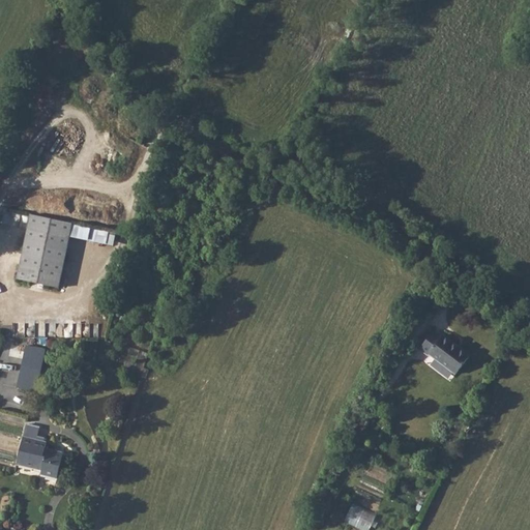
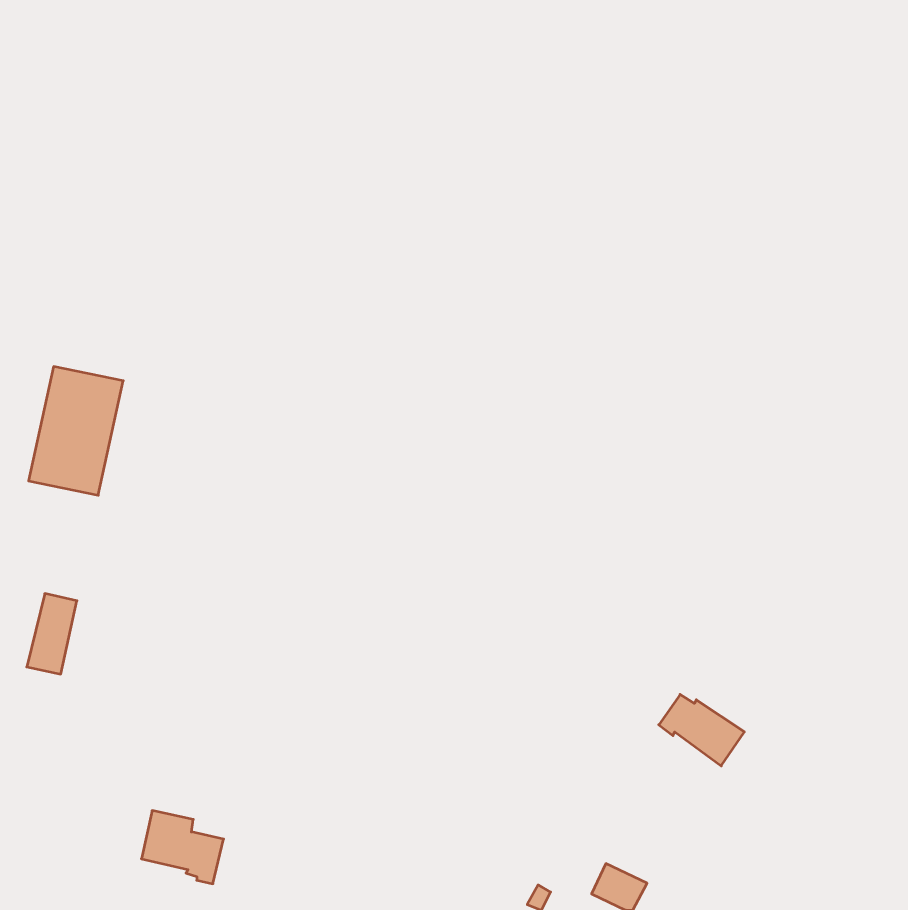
building: [417,335,467,377] -> [659,694,744,766]
building: [16,435,63,477] -> [141,811,224,884]

